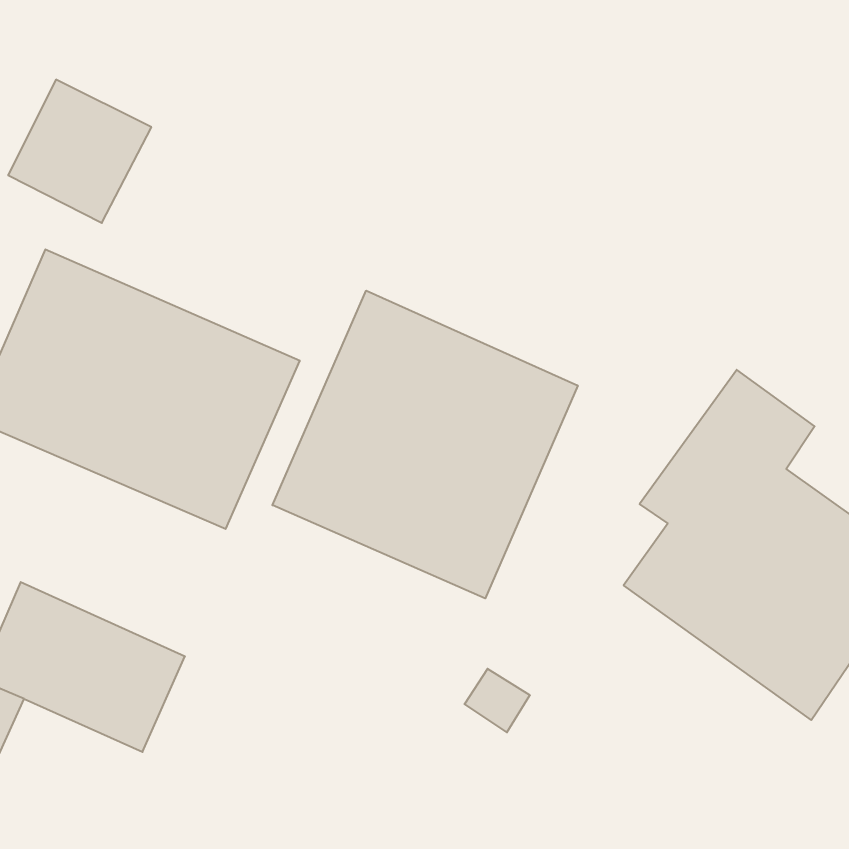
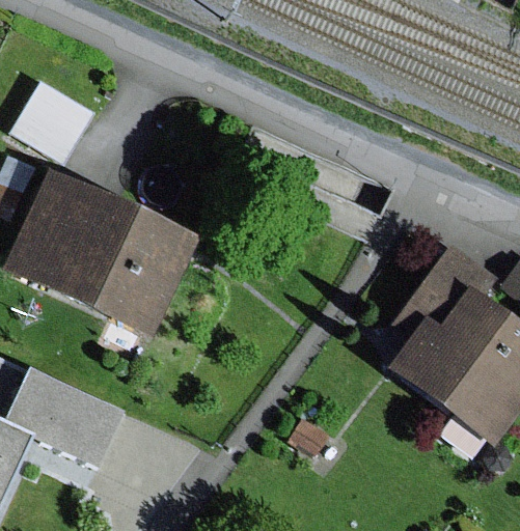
building: [272,291,578,598] -> none

